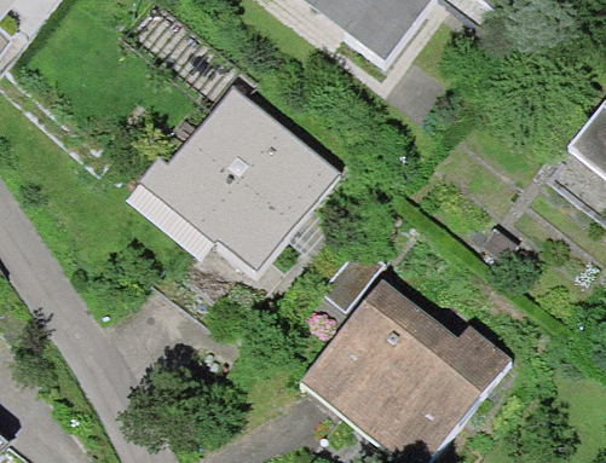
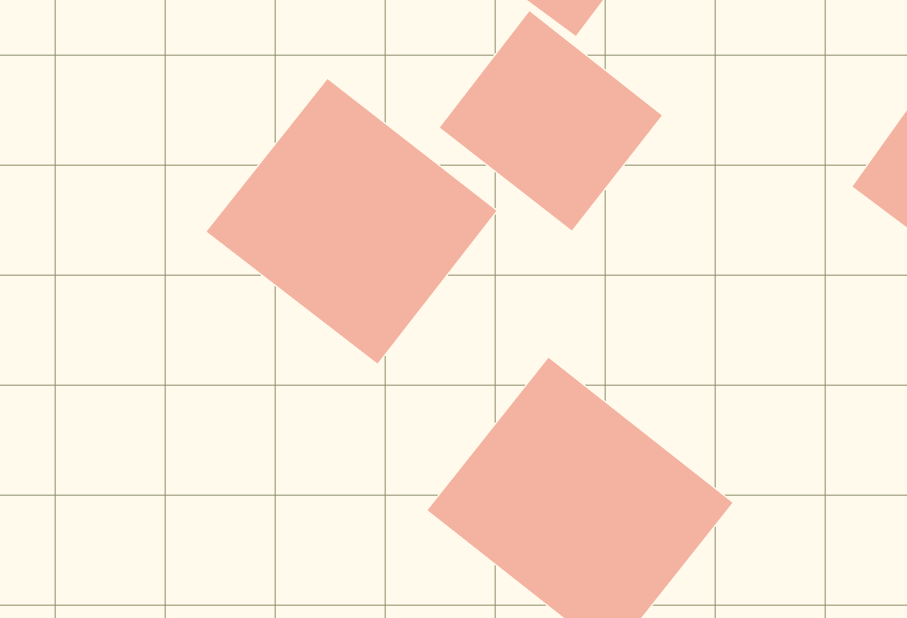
building: none -> [439,10,663,232]

